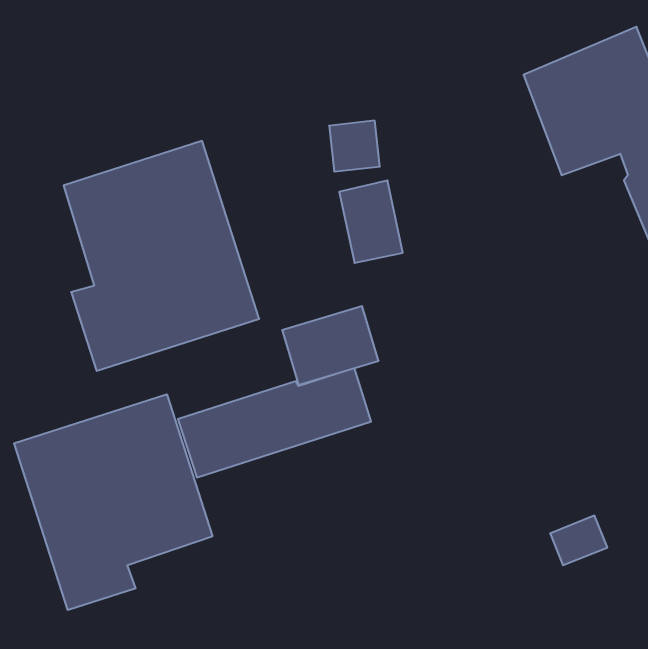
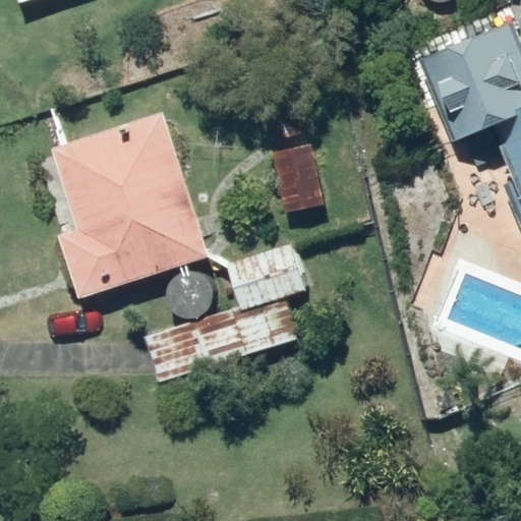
building: [14,394,212,610] -> none

